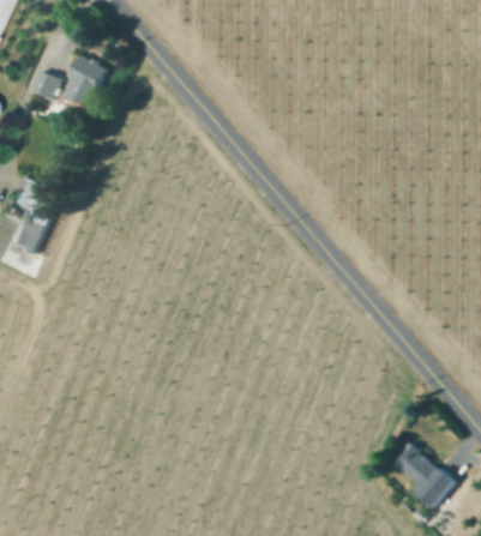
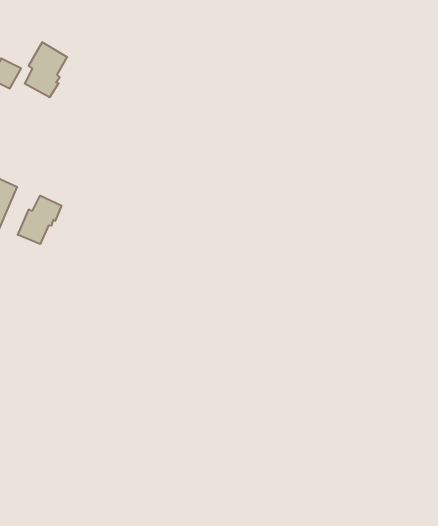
building: none -> [18,196,61,244]
building: [395,444,445,494] -> none

